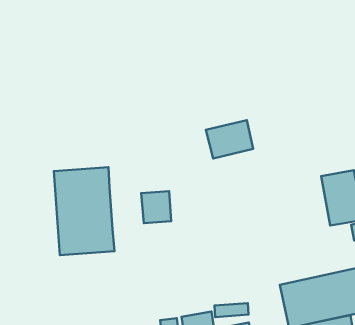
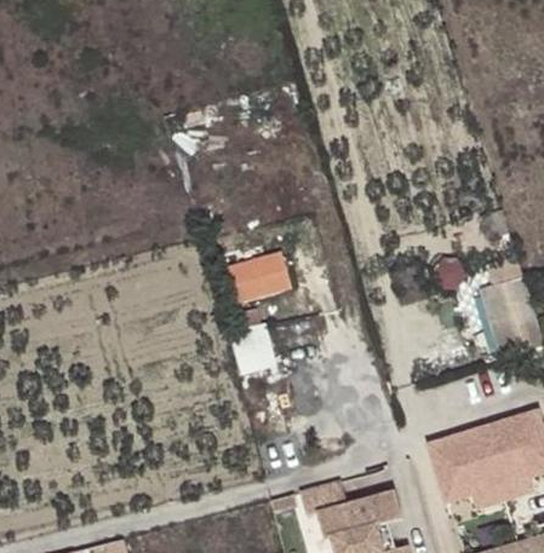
building: [206,120,253,158] -> [222,247,290,304]
building: [54,167,114,255] -> none

